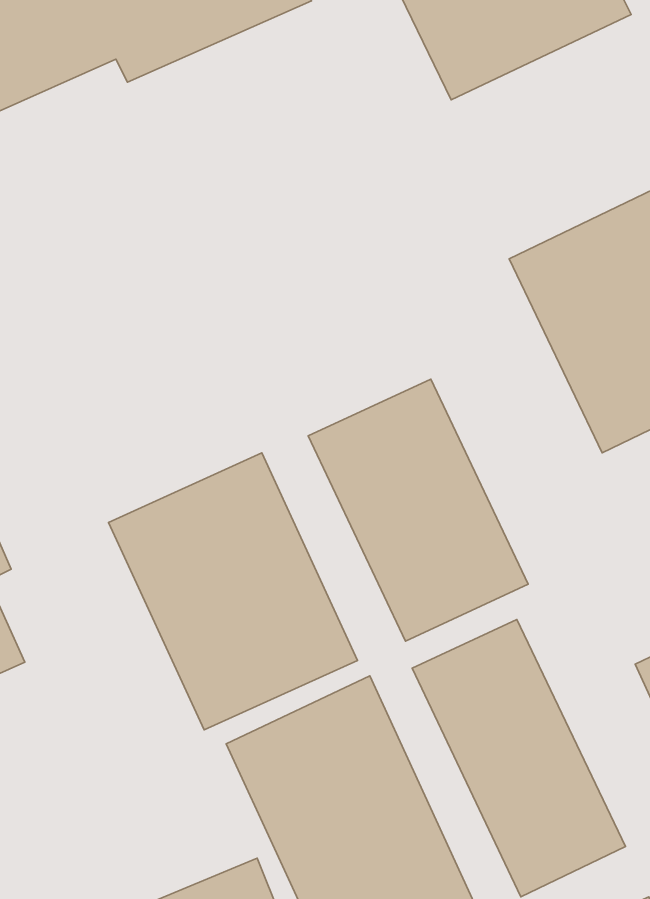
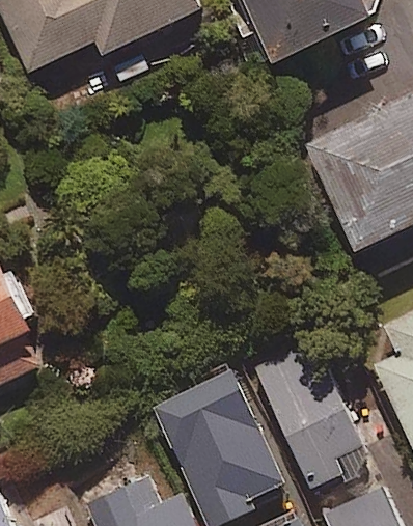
building: [308,379,528,641] -> none
building: [108,453,358,730] -> none

